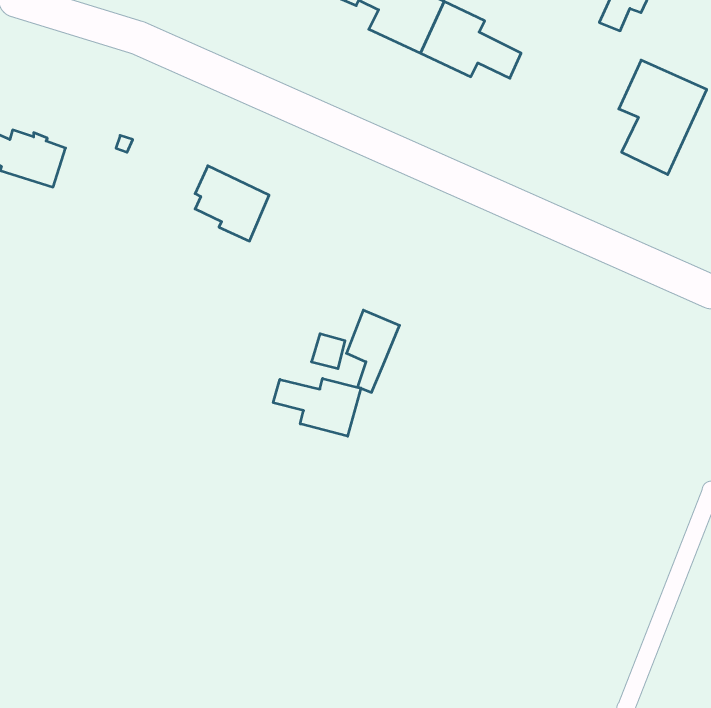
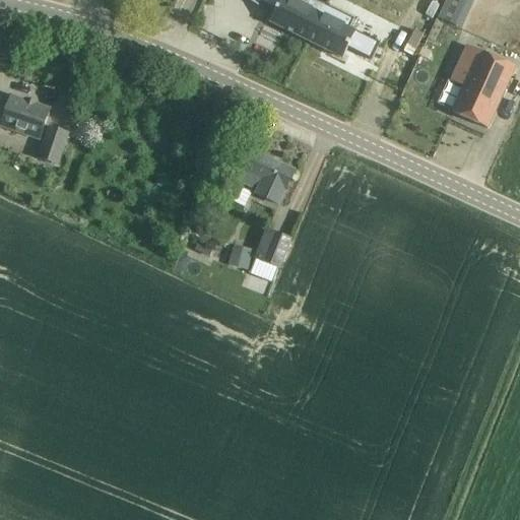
building: [195,166,269,241] -> [238,147,291,202]
building: none -> [38,125,66,161]
building: [273,378,361,436] -> none

